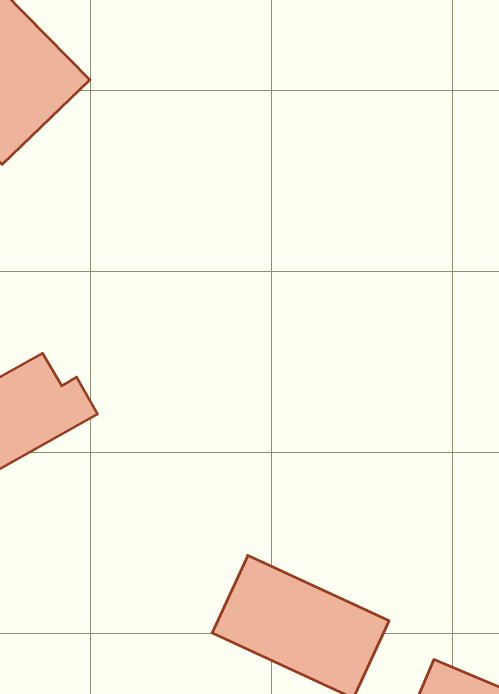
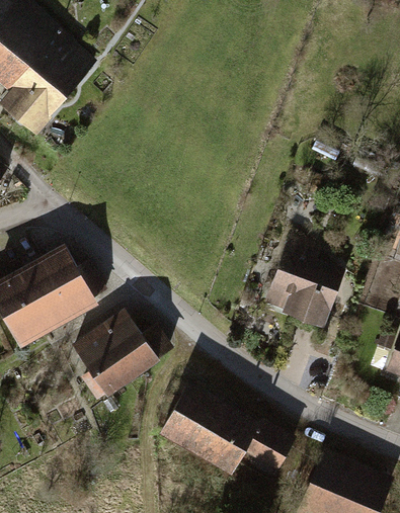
building: none -> [274,245,349,338]
building: none -> [83,317,166,399]

